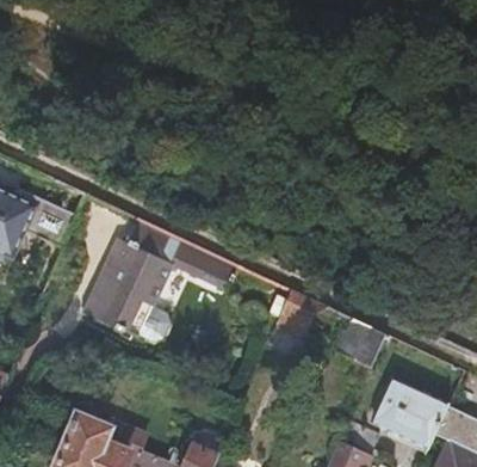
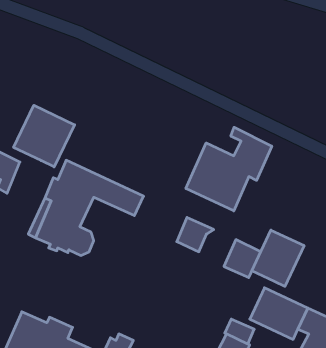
building: none -> [14,105,75,167]
building: none -> [186,127,272,211]
building: none -> [252,230,304,286]

